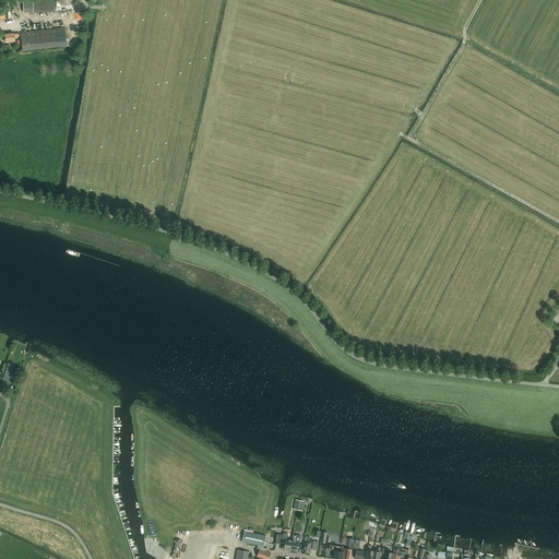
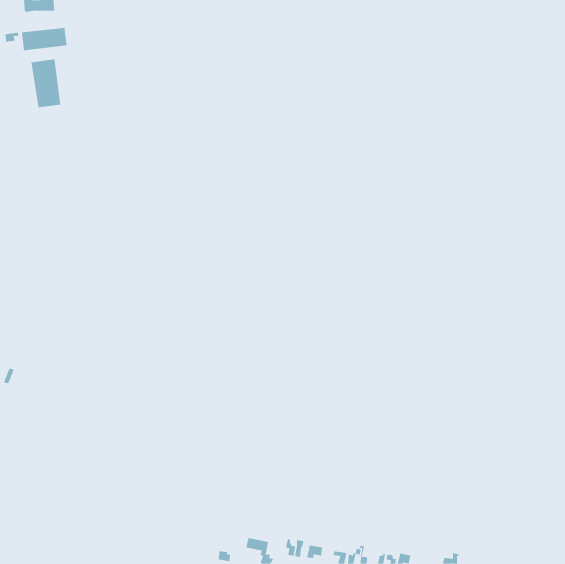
building: none -> [31,59,61,108]

